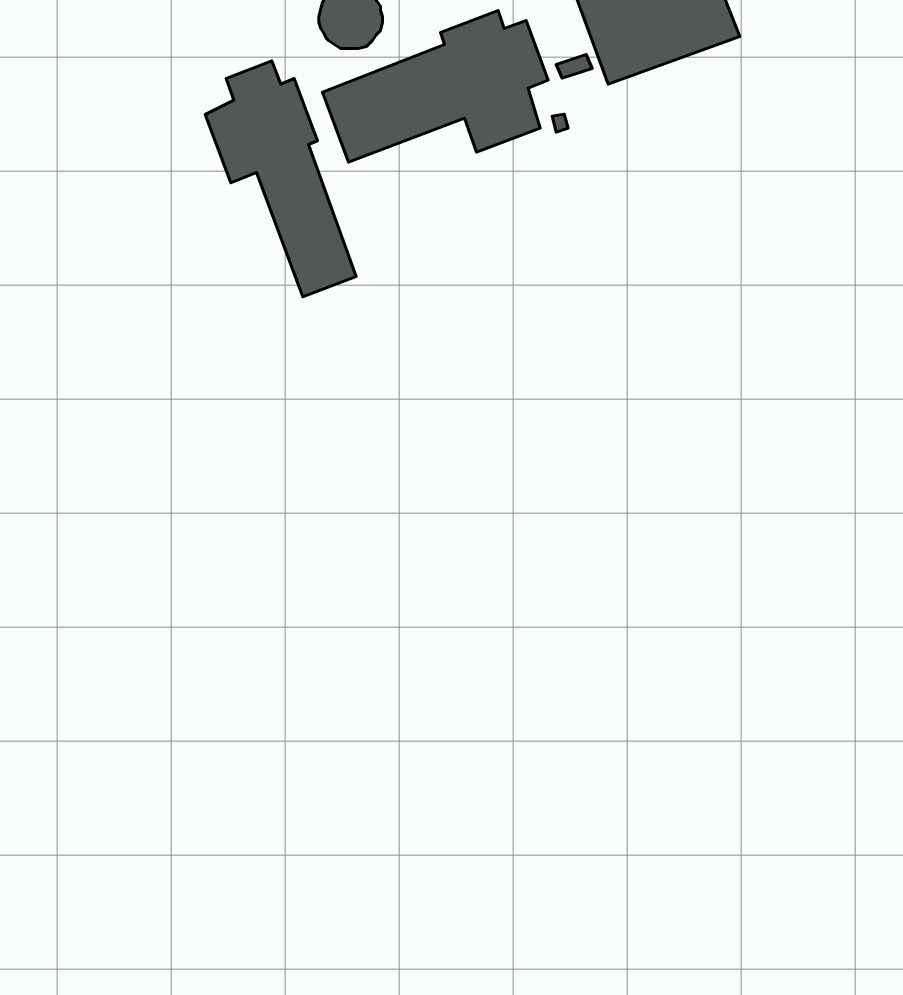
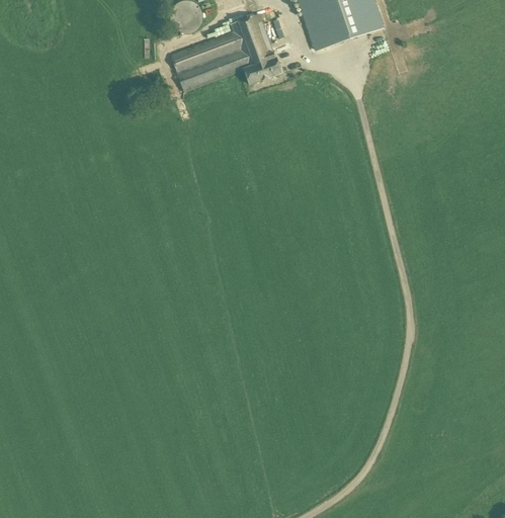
building: [205,61,356,297] -> none

